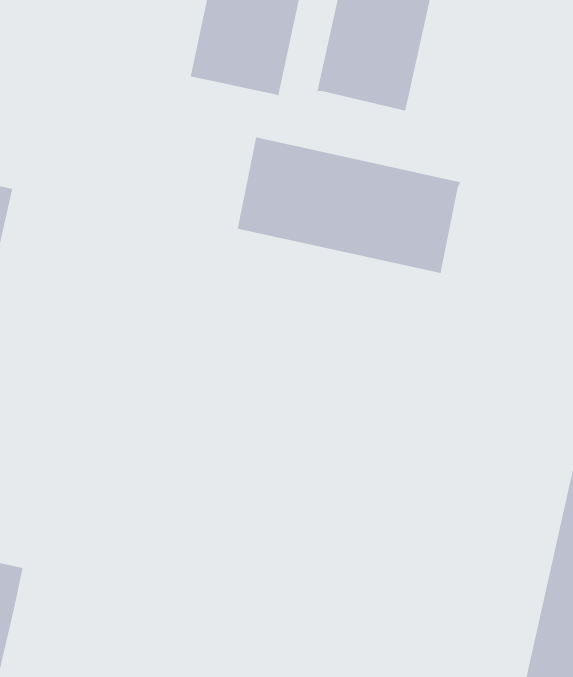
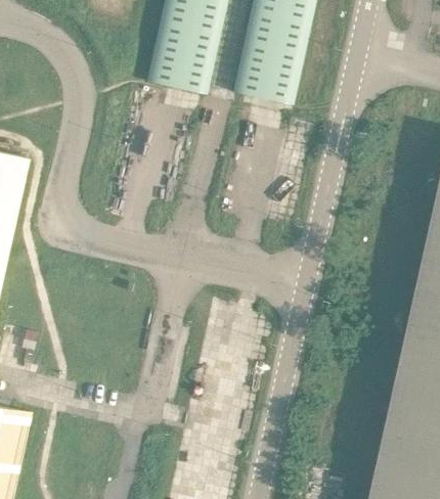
building: [237,136,462,274] -> none

